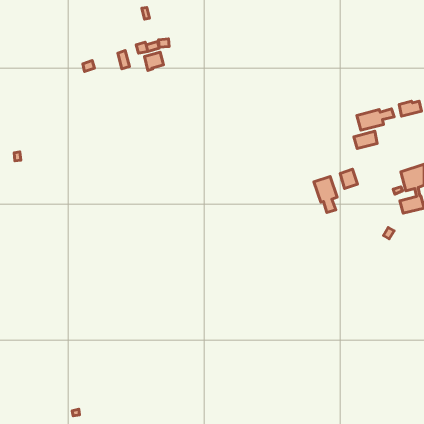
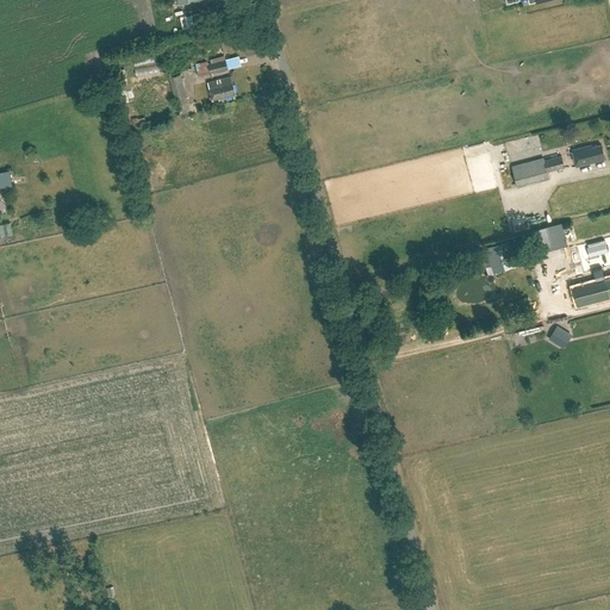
building: [354,131,377,149] -> [533,222,566,247]
building: [314,177,337,212] -> none

